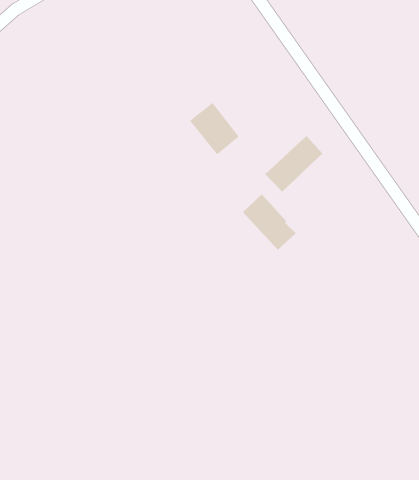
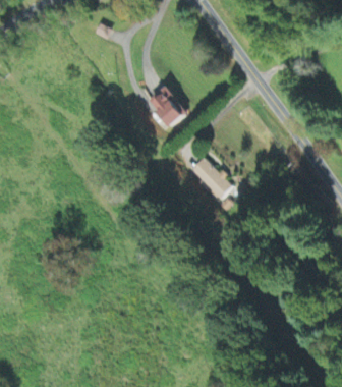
building: [264,135,323,193] -> none

